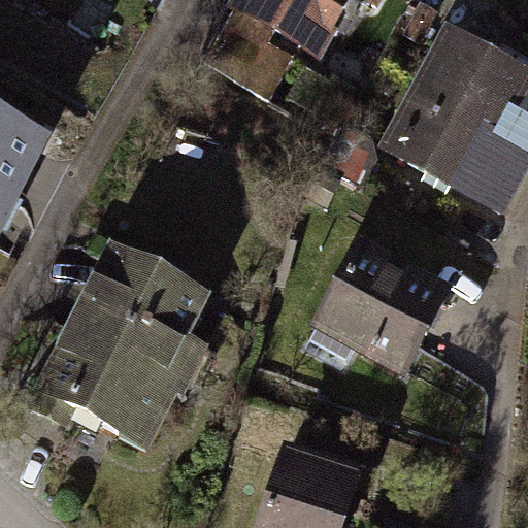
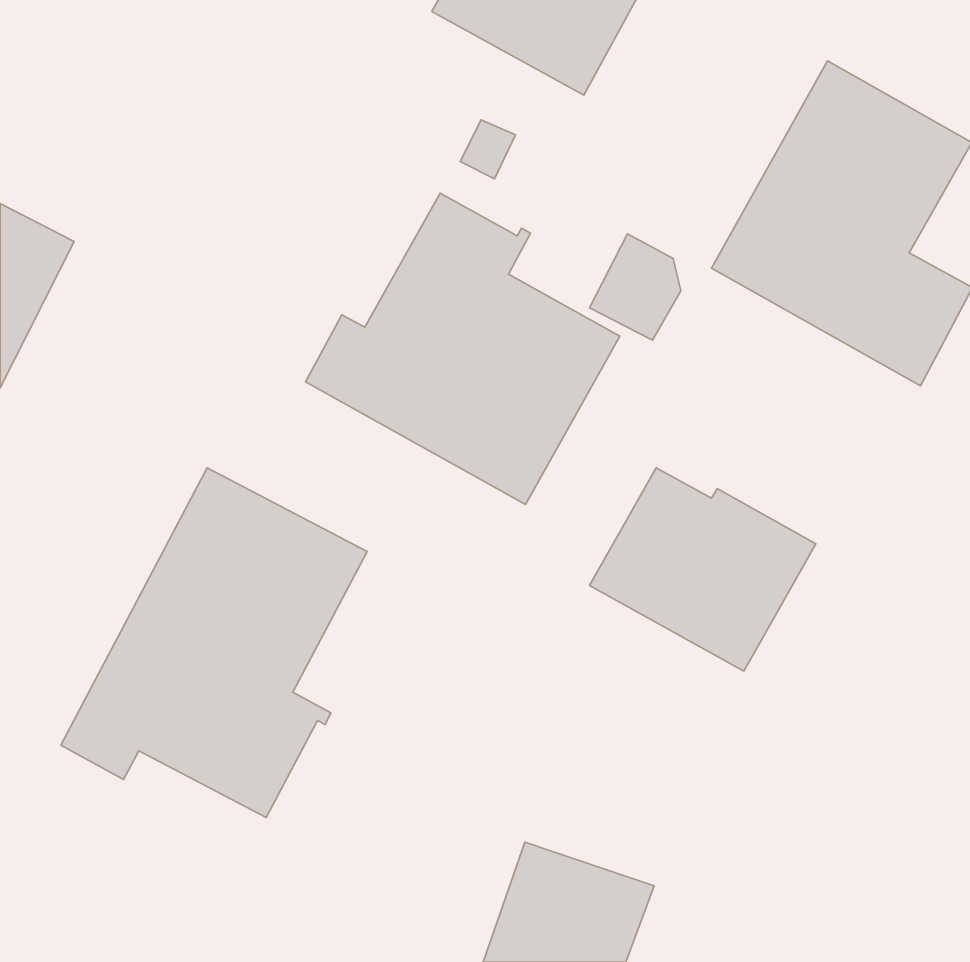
building: none -> [305,193,620,505]

